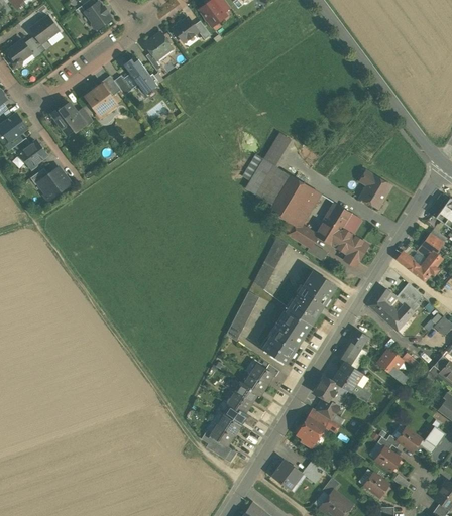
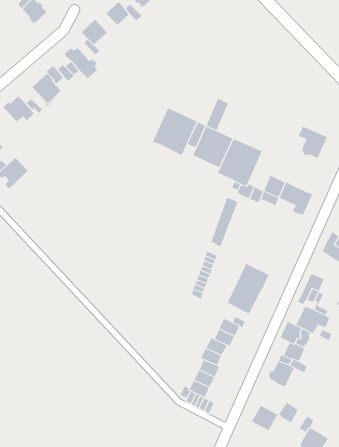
building: none -> [152,108,197,156]
building: [325,204,361,236] -> none
building: [288,270,335,325] -> none

